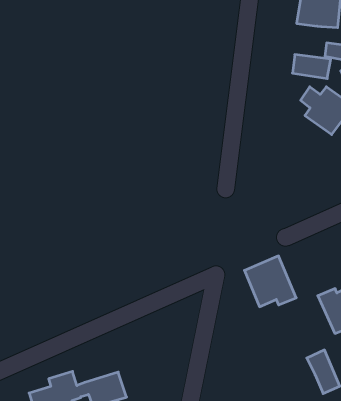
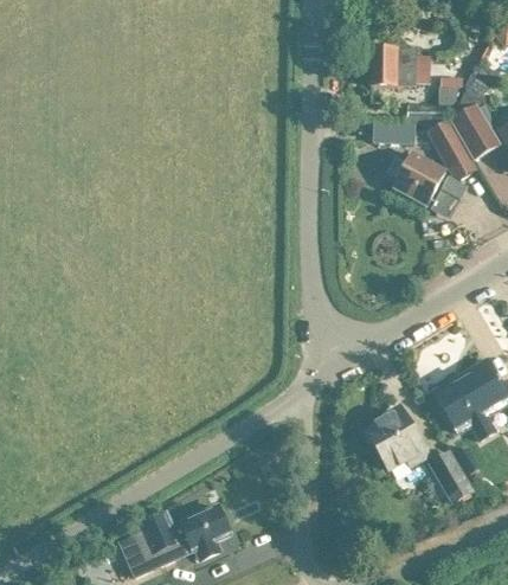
building: [244,256,296,307] -> [366,407,429,468]

